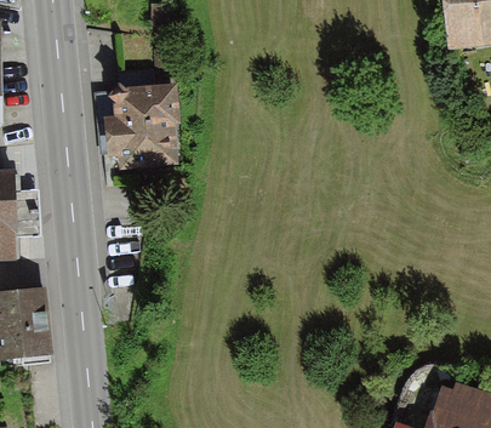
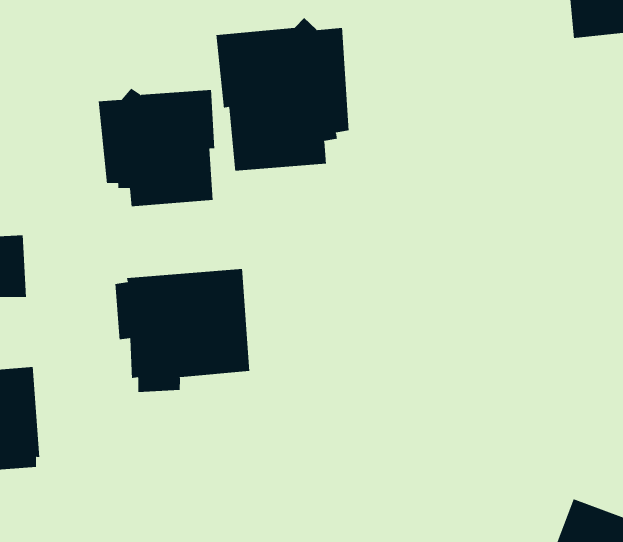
building: none -> [216,17,349,172]
building: none -> [115,268,250,393]

